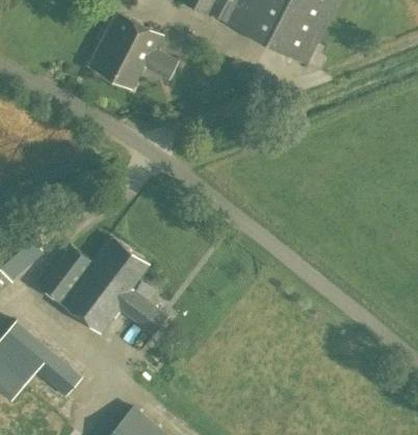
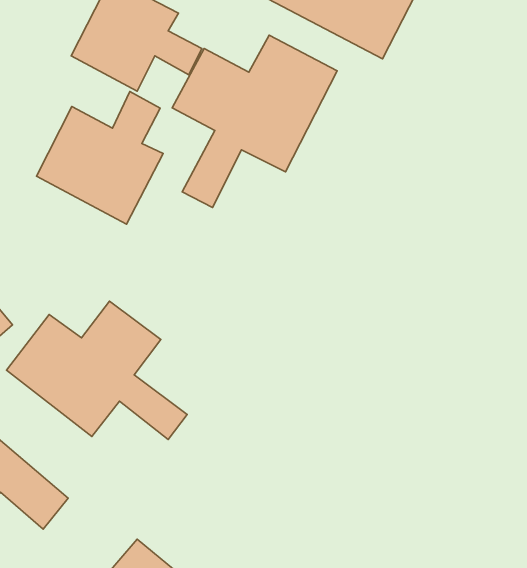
building: none -> [172,35,337,208]
building: none -> [36,92,163,224]

